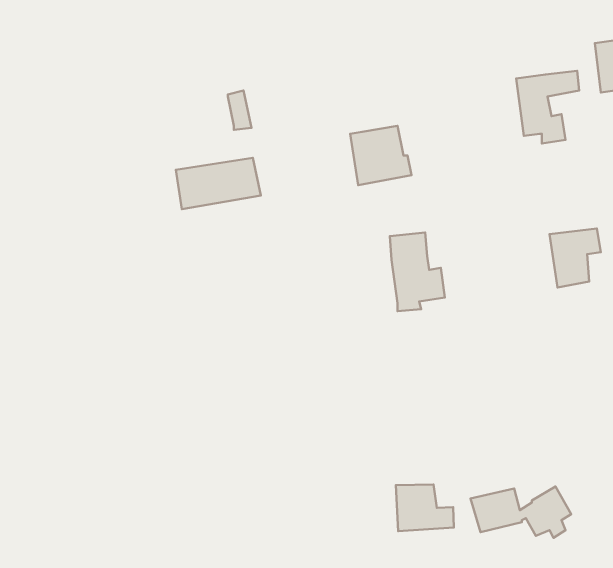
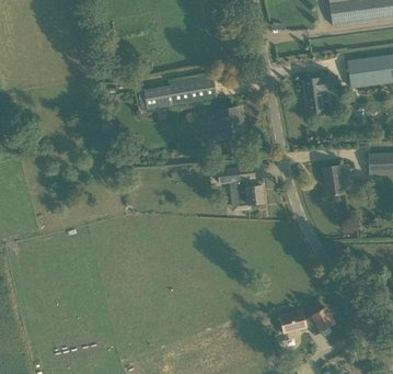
building: [176,158,261,209] -> [170,76,217,104]
building: [396,484,454,531] -> none

